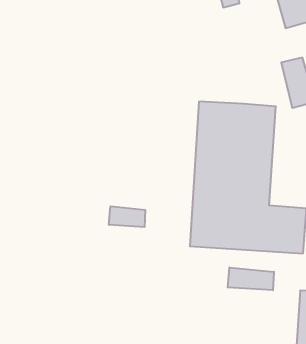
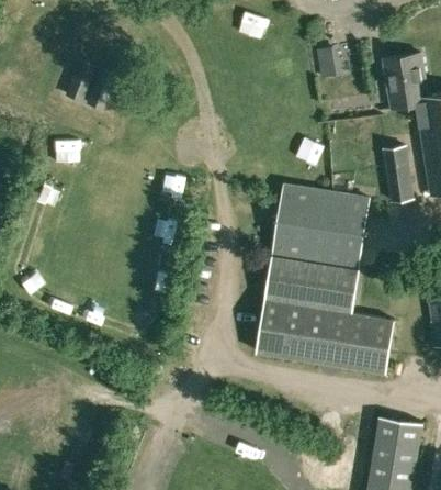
building: [109,206,145,227] -> none
building: [228,267,274,290] -> none

